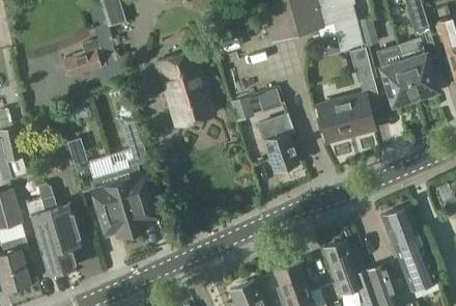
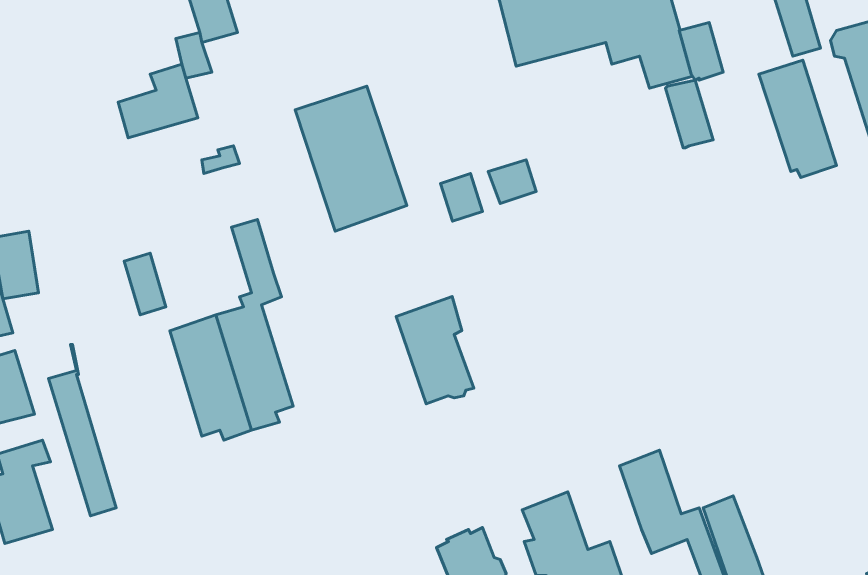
building: [376,45,415,103] -> none
building: [318,93,376,141] -> none
building: [259,115,300,171] -> [396,297,474,404]
building: [40,184,84,271] -> none
building: [380,205,436,291] -> none

